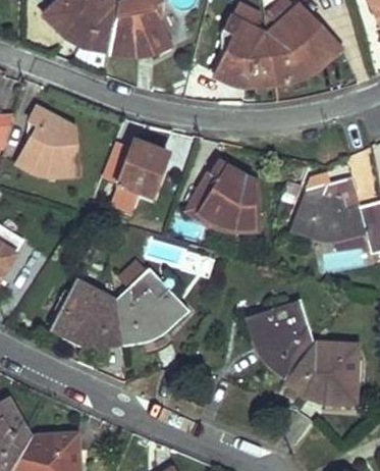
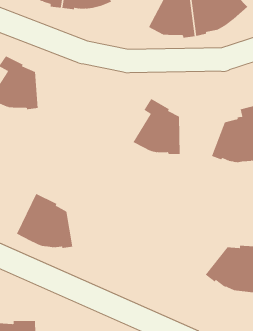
building: [112,140,168,209] -> none
building: [115,270,187,345] -> none
building: [247,300,312,378] -> none

